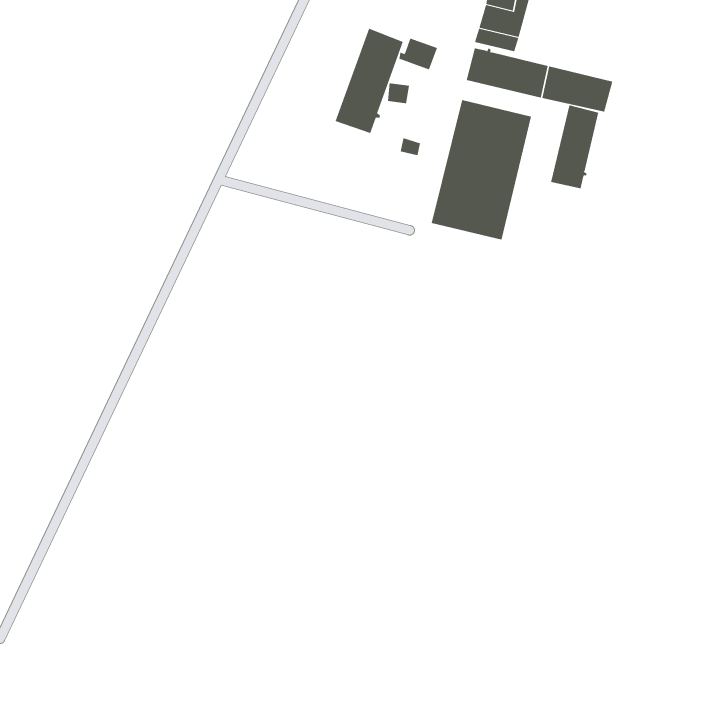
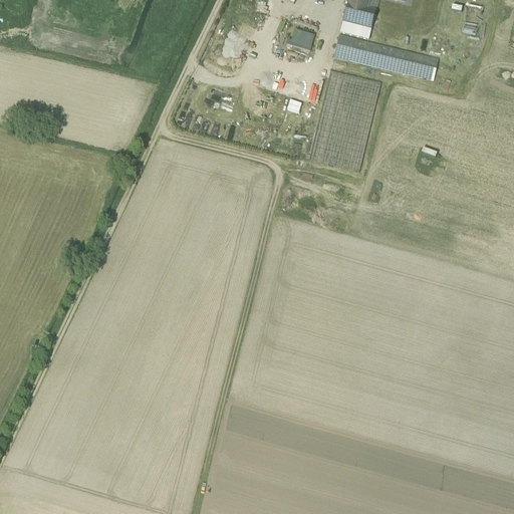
building: [335,28,404,134] -> none
building: [551,104,599,189] -> none

